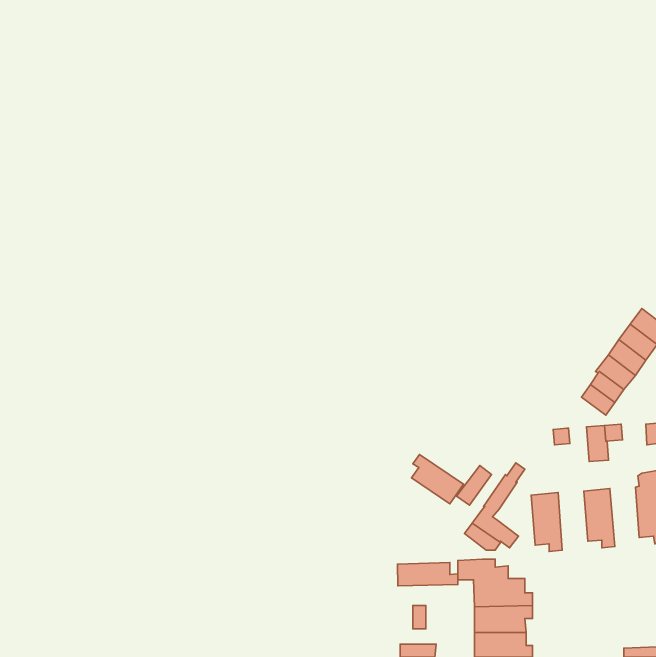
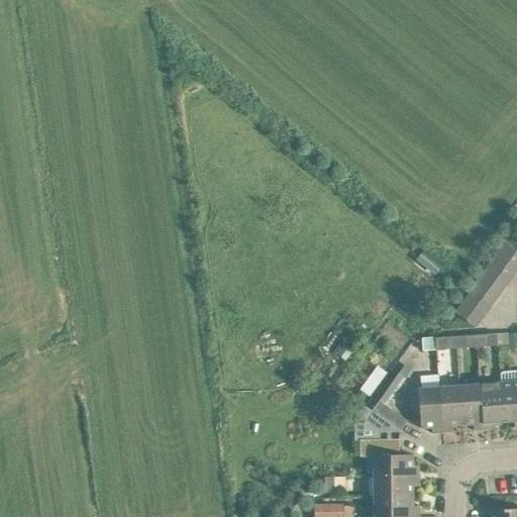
building: [412,455,464,504] -> none
building: none -> [480,383,503,429]
building: none -> [439,386,462,432]
building: [398,562,458,586] -> none

